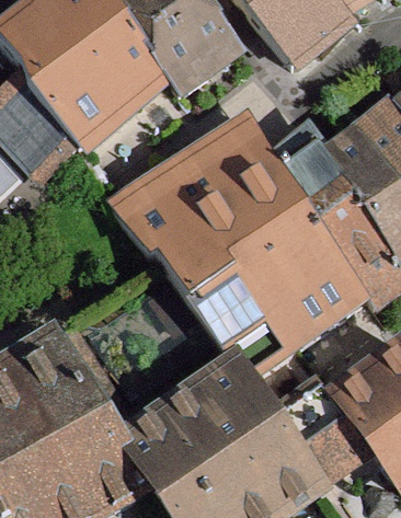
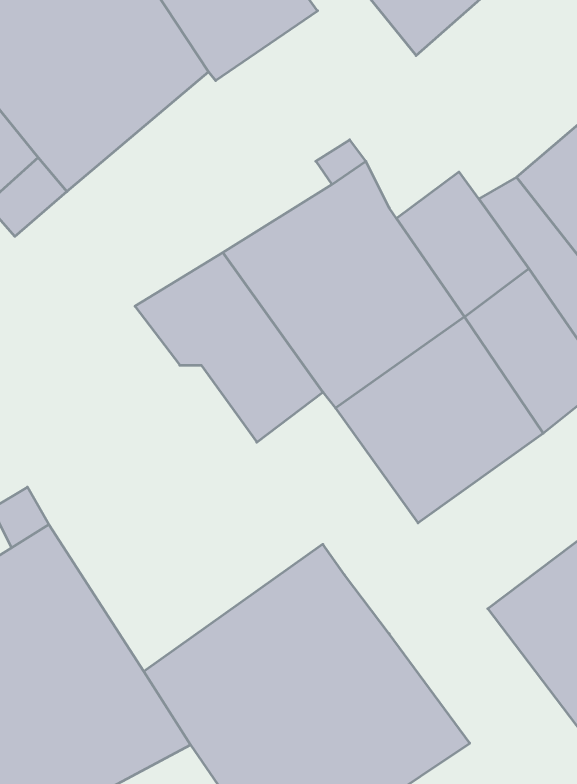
building: [193,270,295,382] -> none
building: [277,389,370,485] -> none

